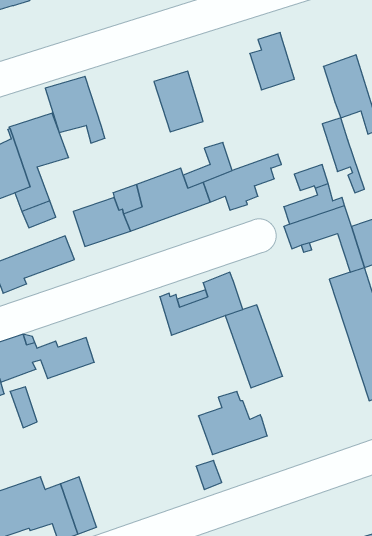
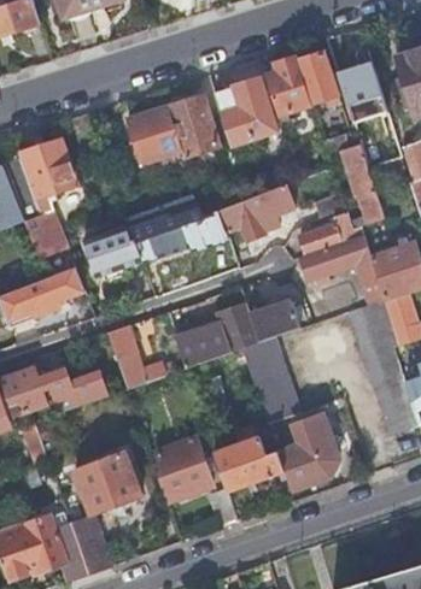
building: none -> [299,53,339,104]
building: none -> [215,77,276,143]
building: [45,76,105,143] -> [127,106,188,175]
building: none -> [250,299,300,341]
building: none -> [109,325,165,387]
building: none -> [279,414,338,488]
building: none -> [157,437,212,499]
building: none -> [75,450,141,513]

